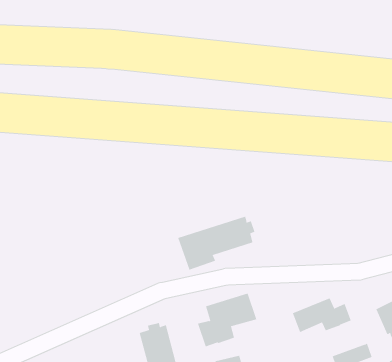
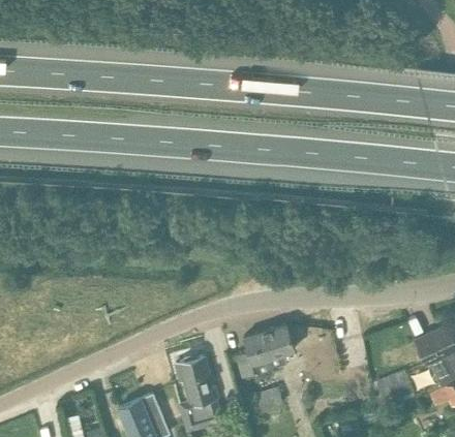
building: [178,216,255,271] -> none
building: [292,298,351,333] -> none

